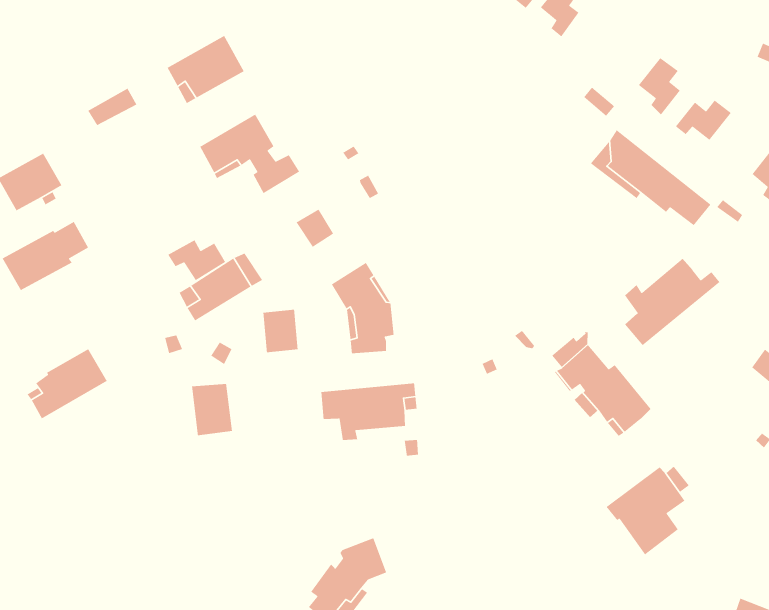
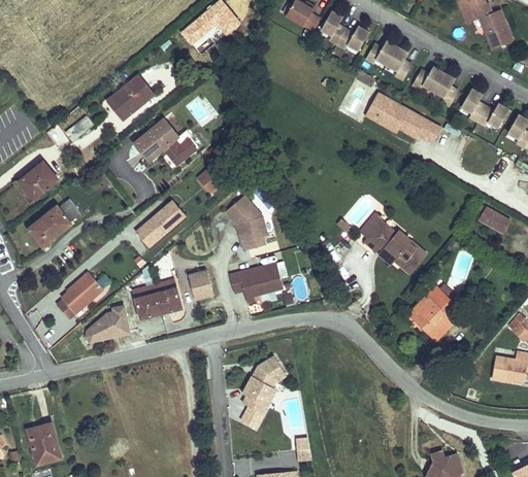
building: none -> [336,26,368,50]
building: none -> [365,40,396,65]
building: none -> [433,72,458,106]
building: [167,239,226,281] -> none
building: [624,258,721,346] -> none
building: [263,309,299,353] -> [188,270,212,299]
building: none -> [133,284,161,318]
building: none -> [86,306,129,341]

